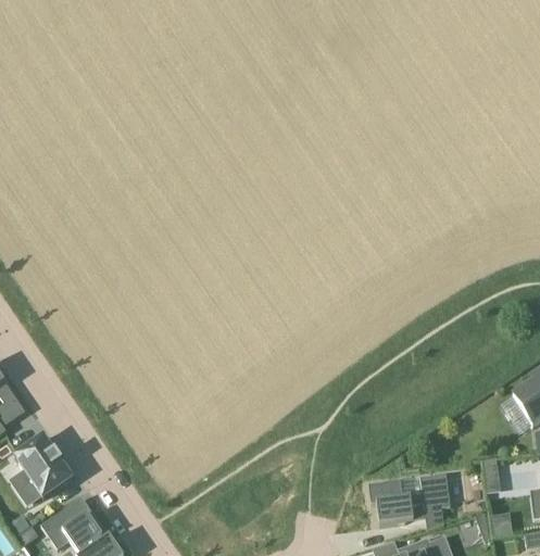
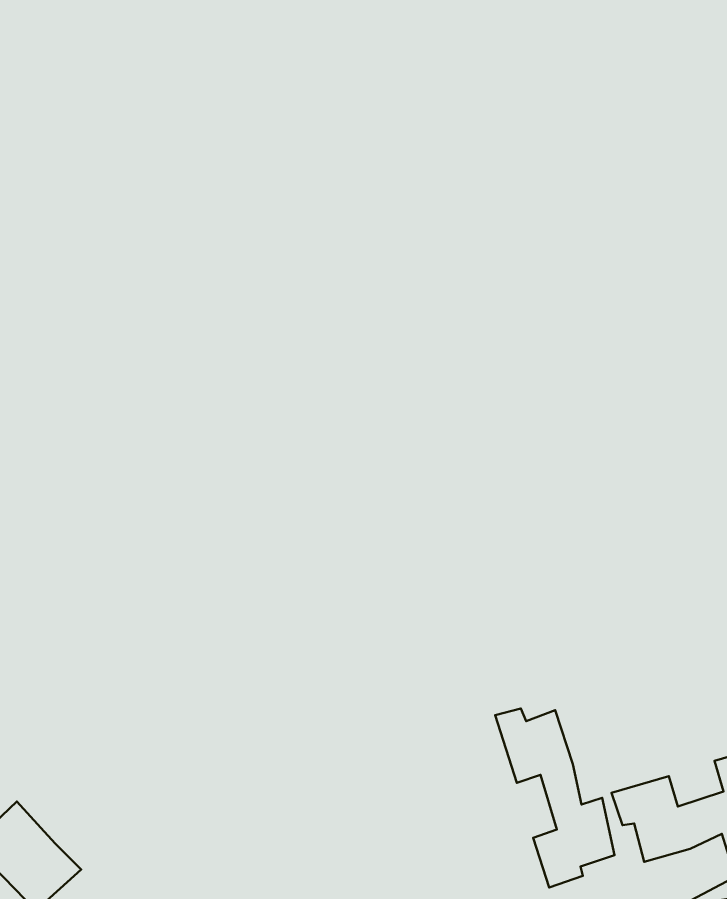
building: none -> [495,708,614,887]

